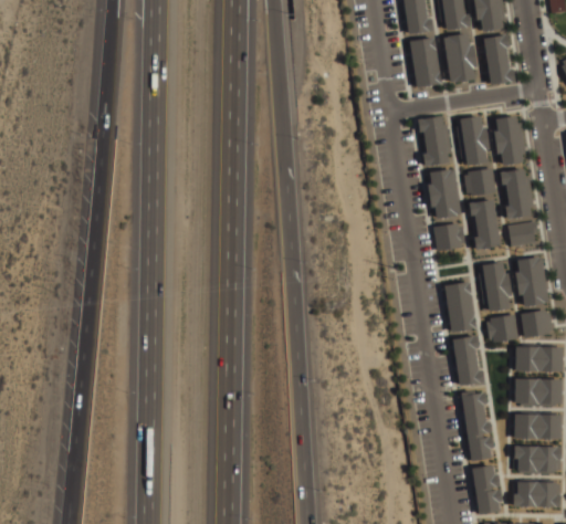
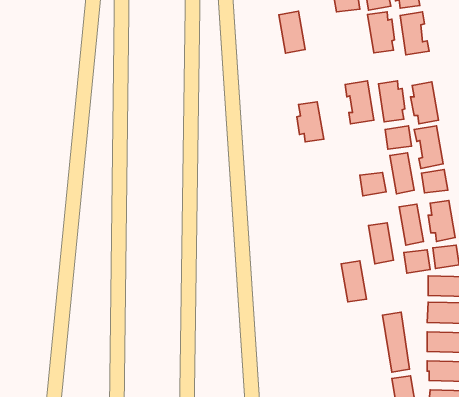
building: [411,38,442,87] -> [279,11,305,53]
building: [429,169,461,217] -> [297,102,324,142]
building: [453,336,483,385] -> [341,261,366,302]

